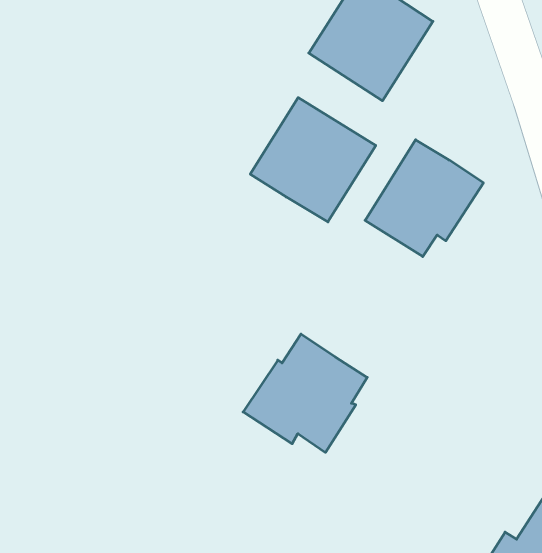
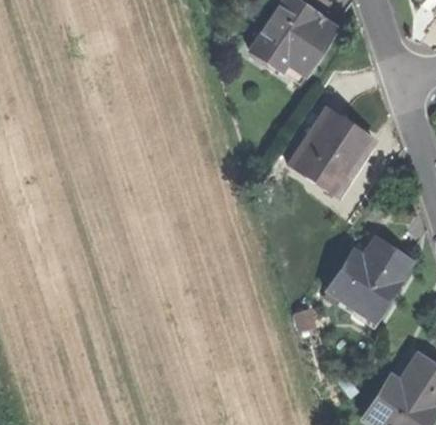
building: [250,98,376,222] -> none
building: [243,334,367,452] -> [322,231,408,313]

